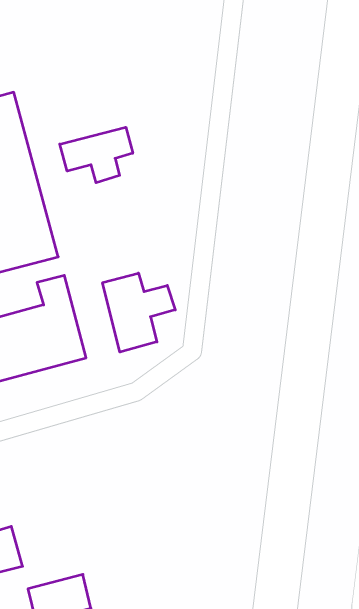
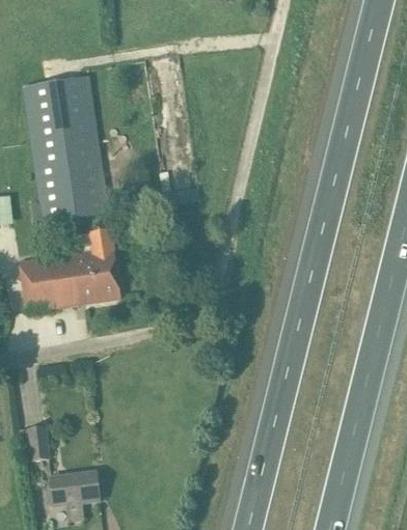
building: [60,127,133,183] -> none
building: [103,273,175,352] -> none

